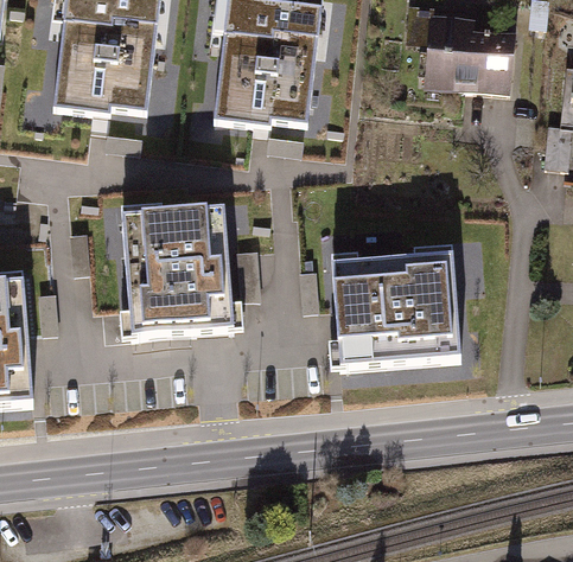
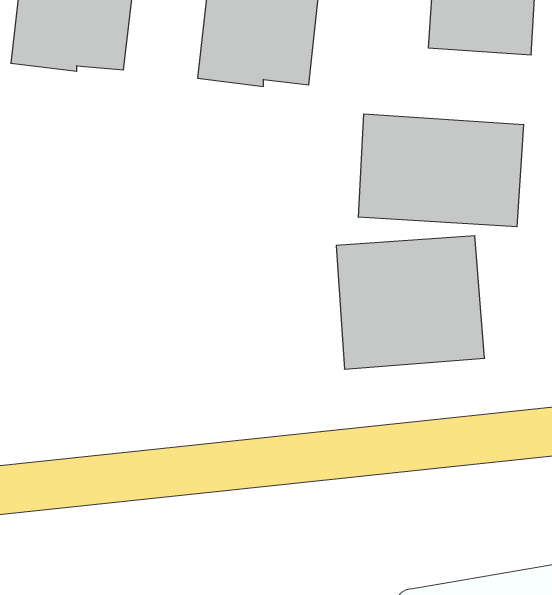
building: none -> [358,114,524,227]
building: [121,205,233,336] -> none

